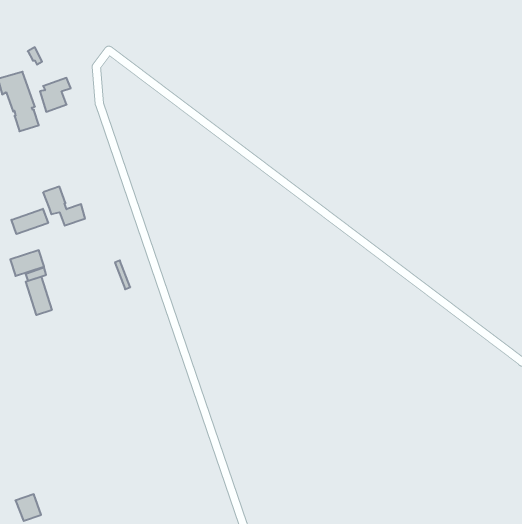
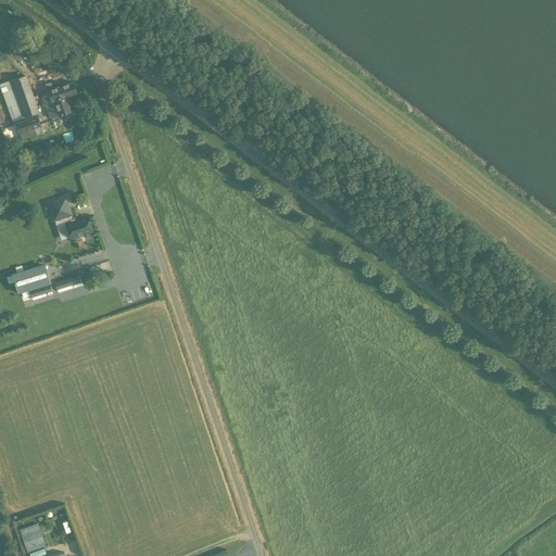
building: [11,209,48,234] -> none
building: [26,277,52,315] -> none

